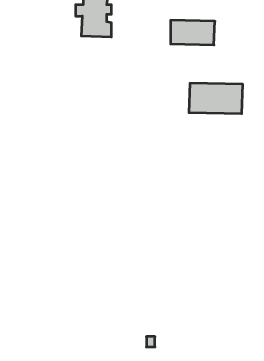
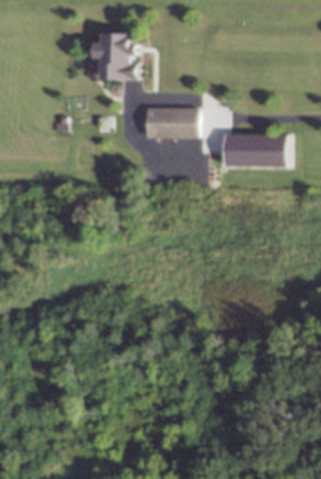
building: [171,20,215,45] -> [145,108,196,137]

